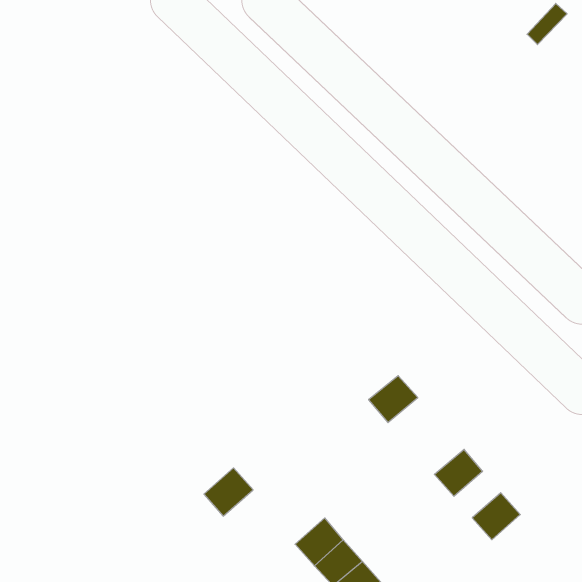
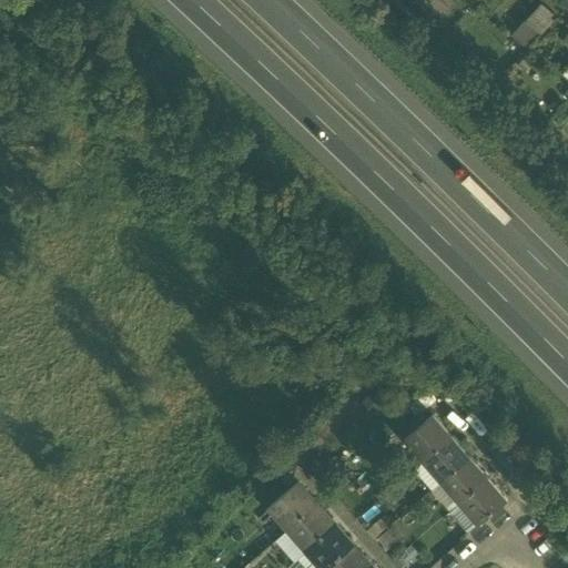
building: [369,376,418,423] -> [403,417,450,463]
building: [204,468,253,516] -> [267,484,315,530]
building: none -> [440,459,486,505]

